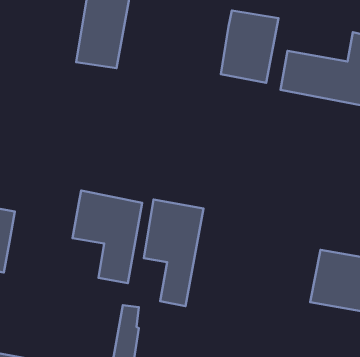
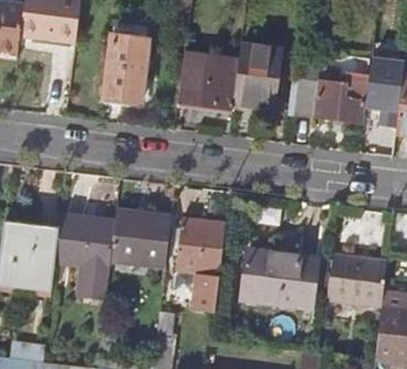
building: none -> [178,53,239,108]
building: none -> [55,215,115,297]
building: none -> [242,252,317,307]

